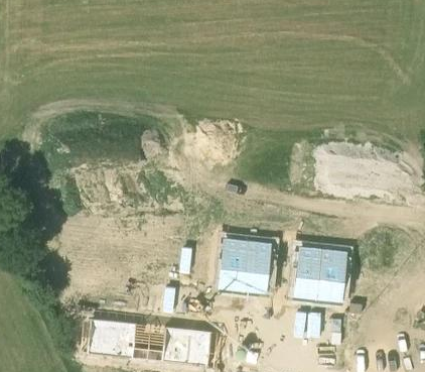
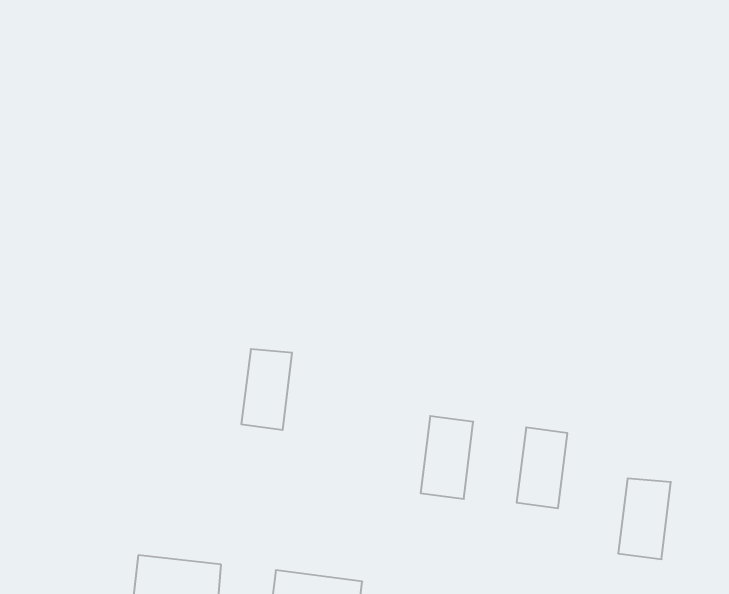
building: [222,242,249,285] -> [241,349,292,430]
building: [317,253,345,296] -> [618,478,671,559]

